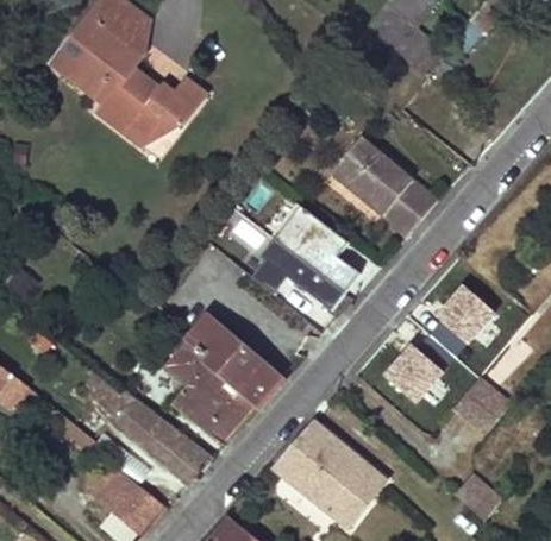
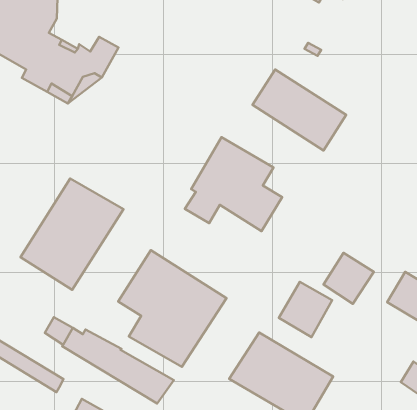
building: none -> [21,178,124,290]
building: [437,288,493,344] -> none
building: none -> [279,282,332,337]

